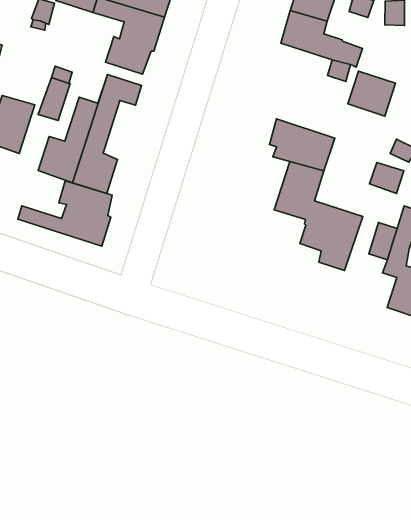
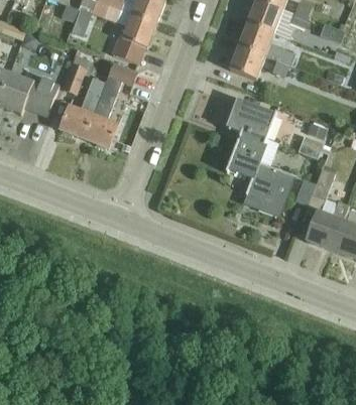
building: [348,71,396,116] -> [230,45,265,79]
building: [18,181,112,246] -> none

